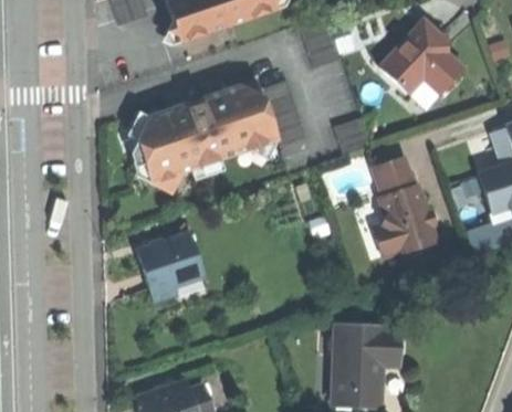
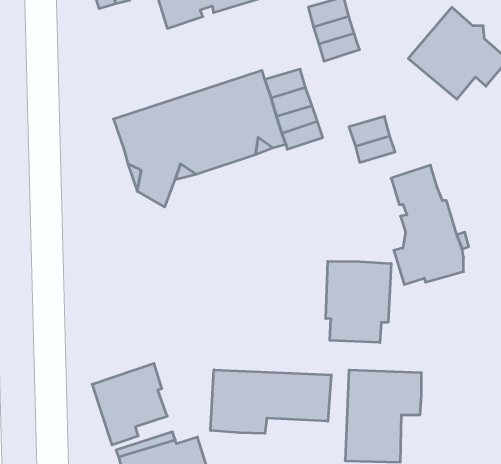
building: [143,234,206,303] -> [92,363,167,445]
building: none -> [326,261,391,343]
building: none -> [211,370,331,433]

